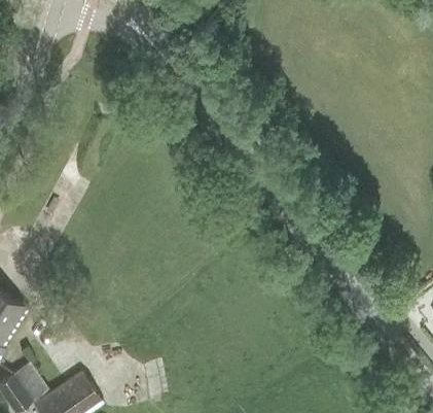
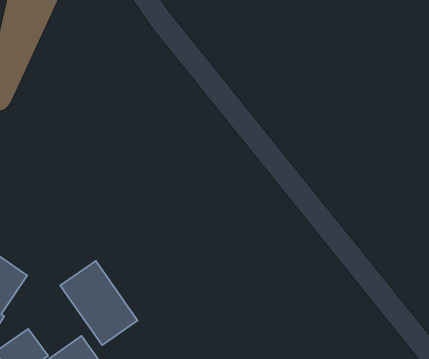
building: none -> [60,261,138,345]

